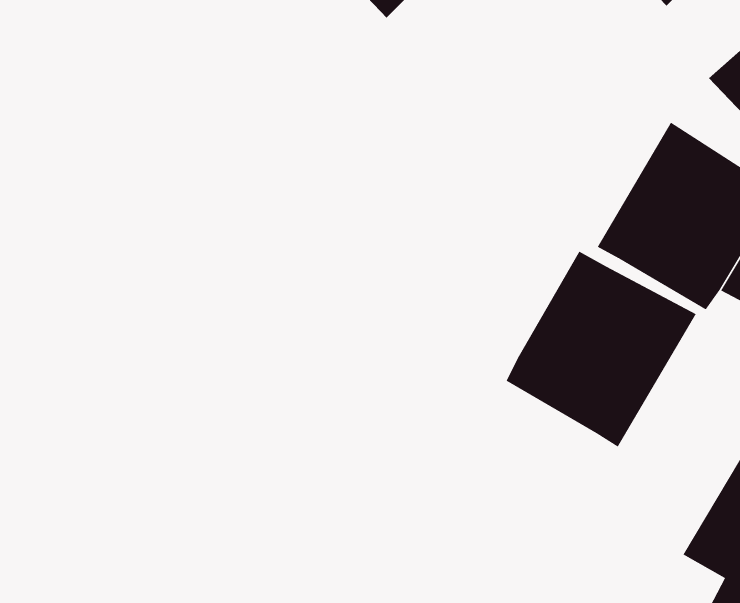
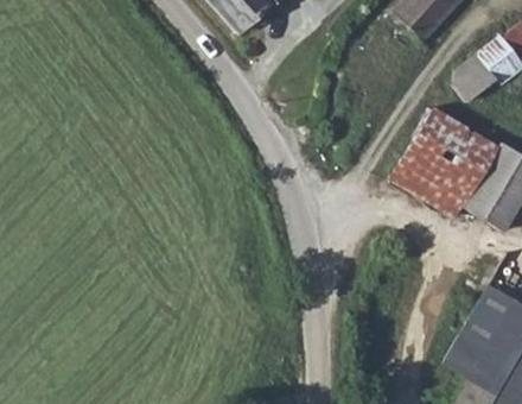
building: [506,251,696,448] -> none

